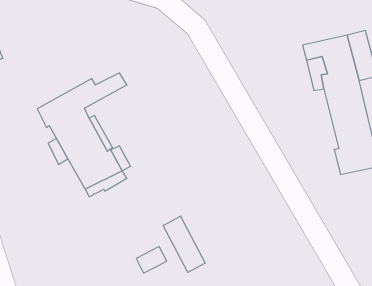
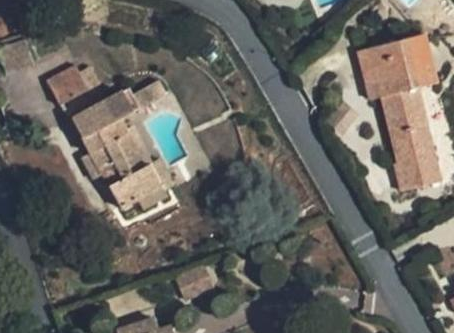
building: none -> [46,65,99,105]
building: [163,216,205,272] -> none

